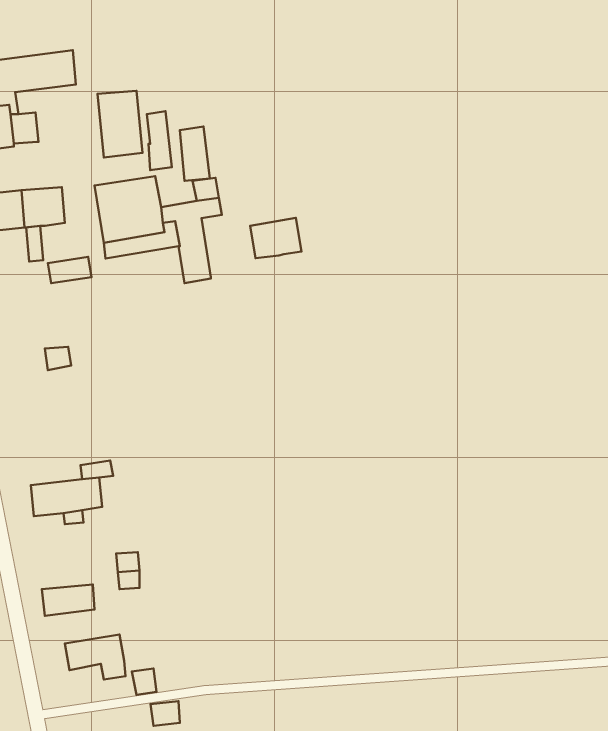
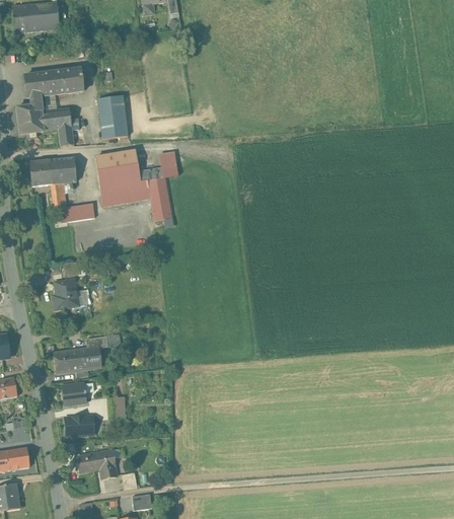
building: [147,111,172,170] -> [57,106,73,145]
building: [180,126,210,181] -> none
building: [250,218,302,258] -> none
building: none -> [53,278,77,309]
building: none -> [61,382,93,404]

